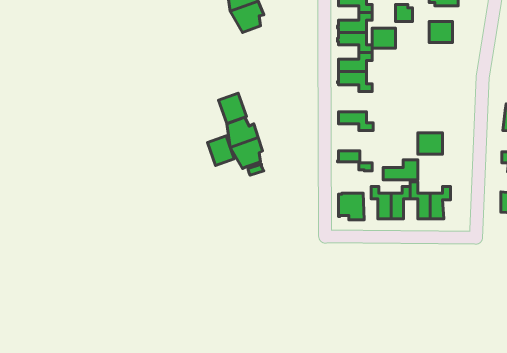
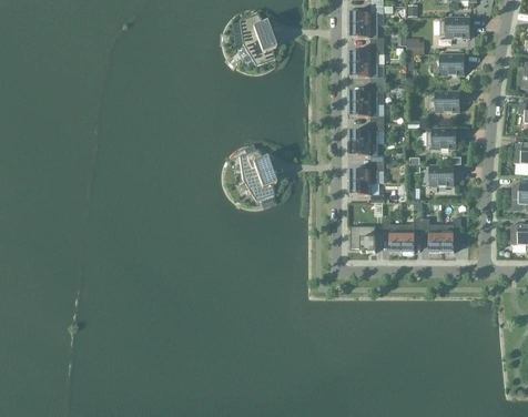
building: [372,28,396,48] -> [436,91,459,111]
building: none -> [351,123,384,143]
building: [218,93,247,124] -> none
building: none -> [426,128,456,149]
building: [207,136,234,165] -> none
building: [383,160,418,180] -> [351,162,385,182]

